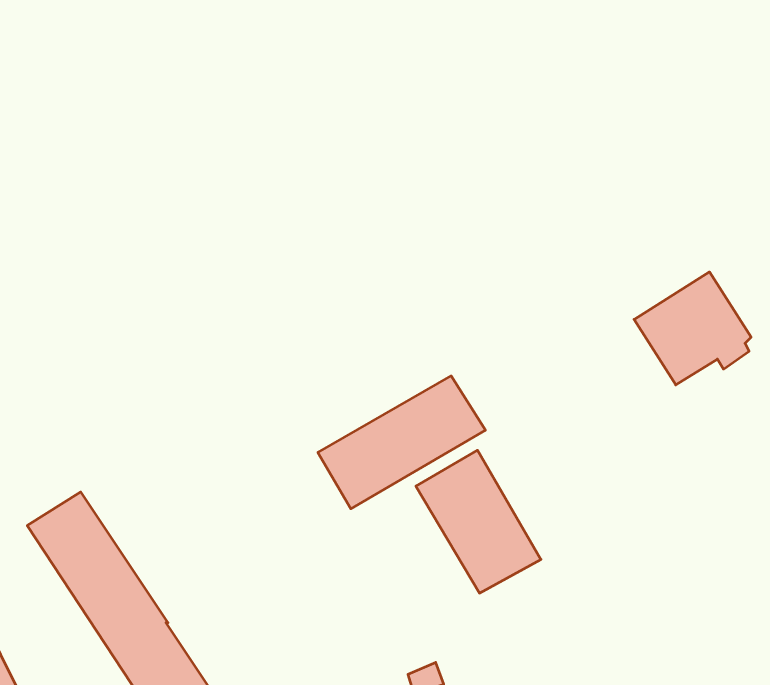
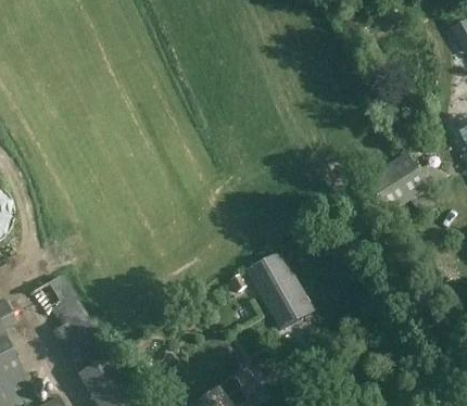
building: [318,376,485,509] -> none

